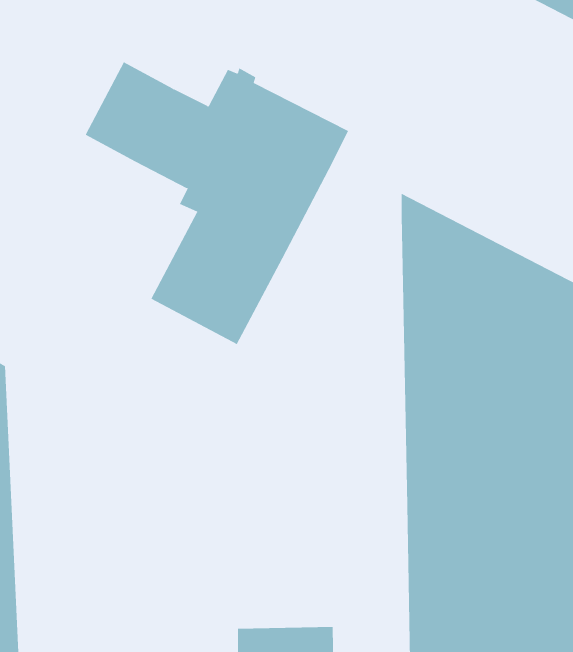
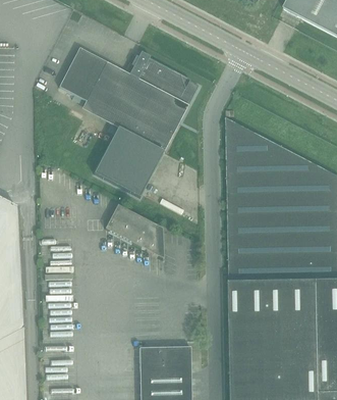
building: none -> [104,205,156,253]

